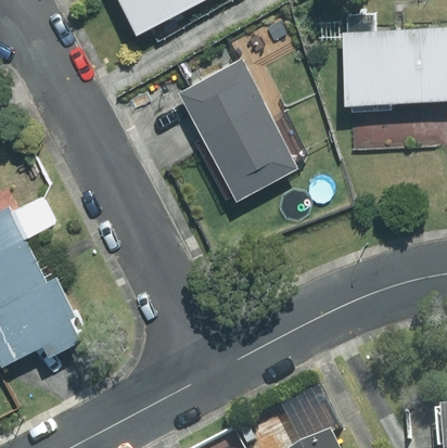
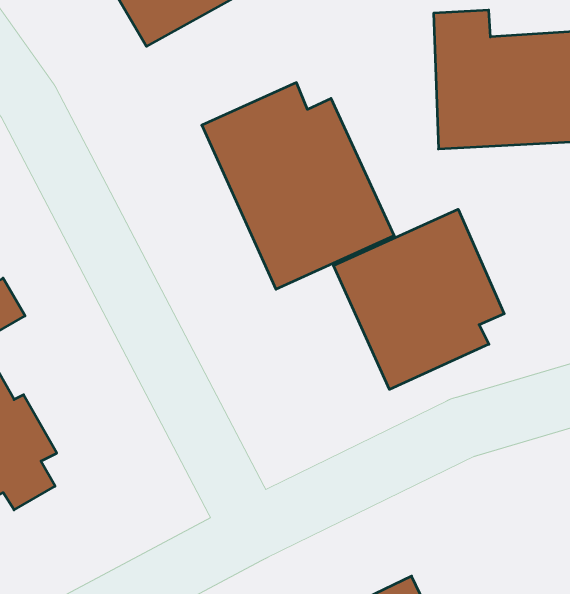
building: none -> [333,209,504,389]

